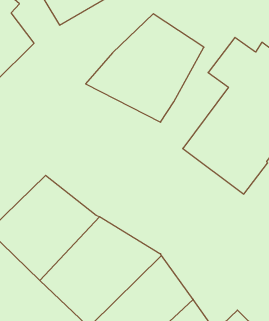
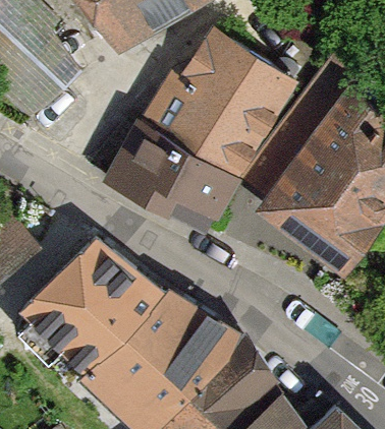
building: none -> [108,121,238,228]

